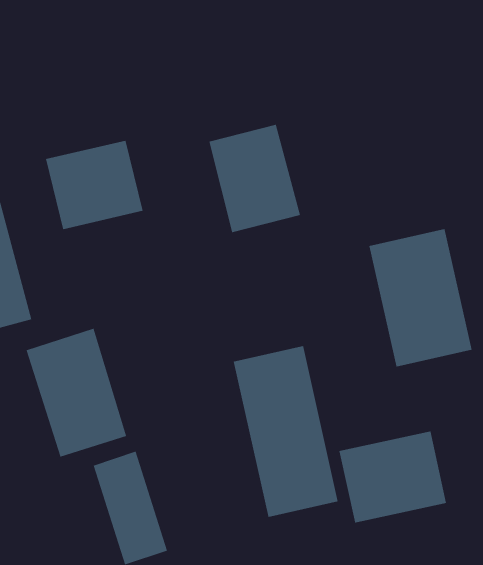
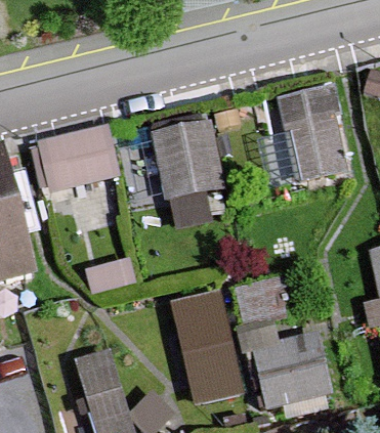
building: [368,229,473,367] -> [272,86,346,184]
building: [26,328,127,458] -> none

